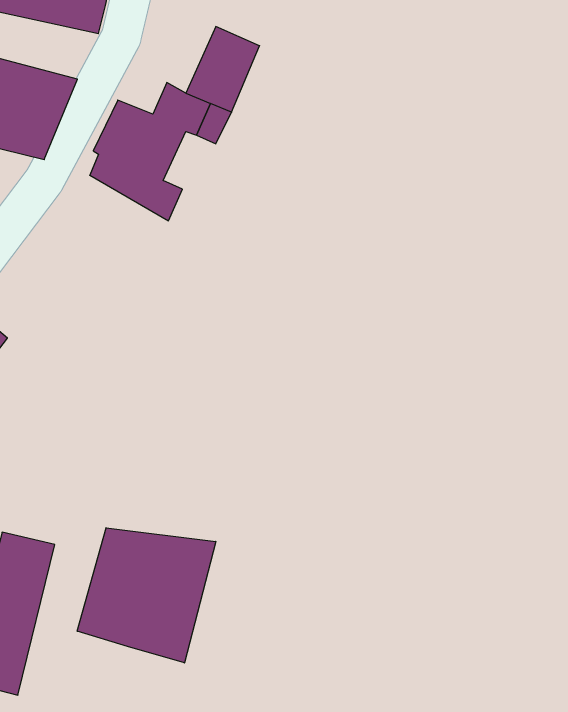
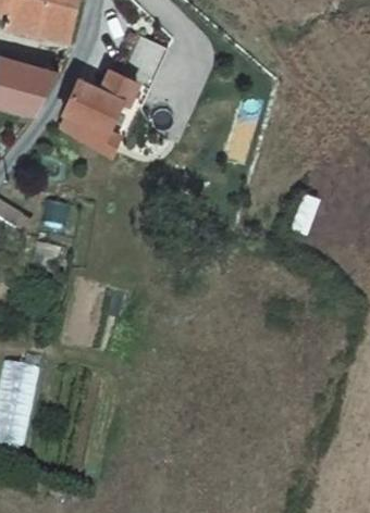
building: [77,528,216,663] -> none

